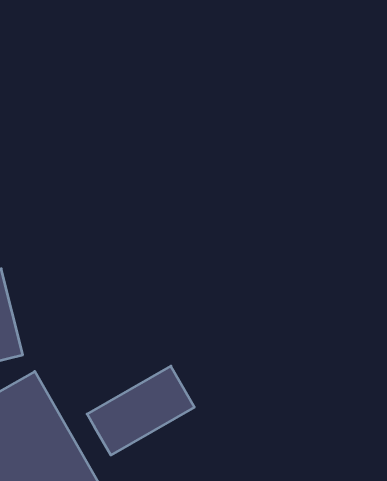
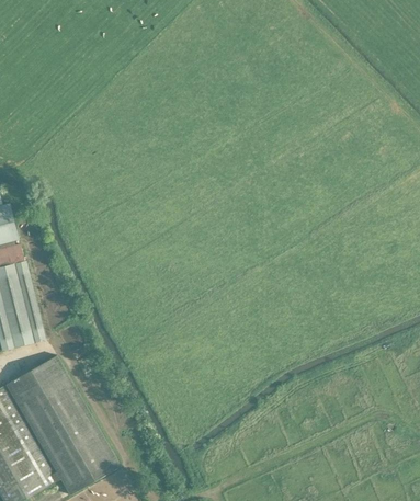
building: [87,366,194,455] -> none

